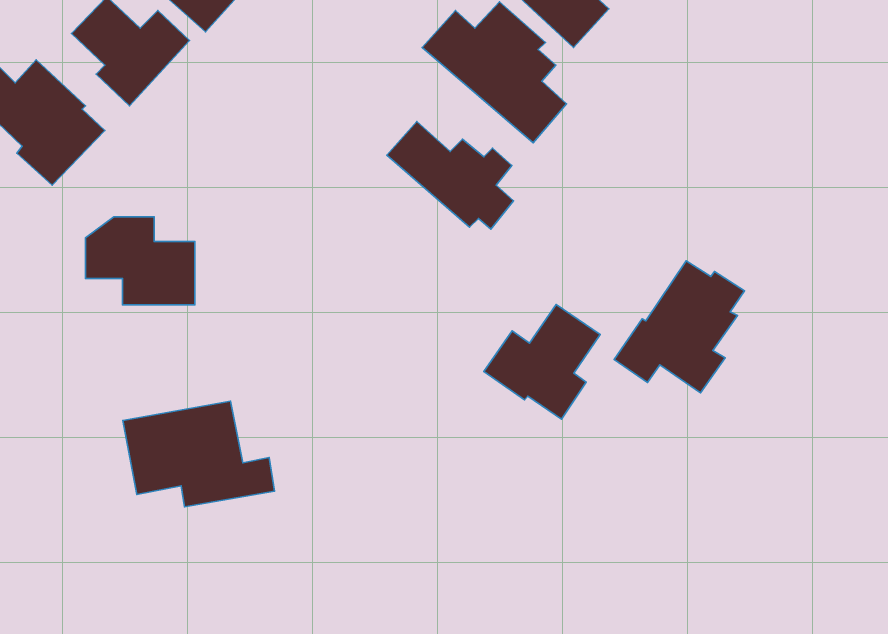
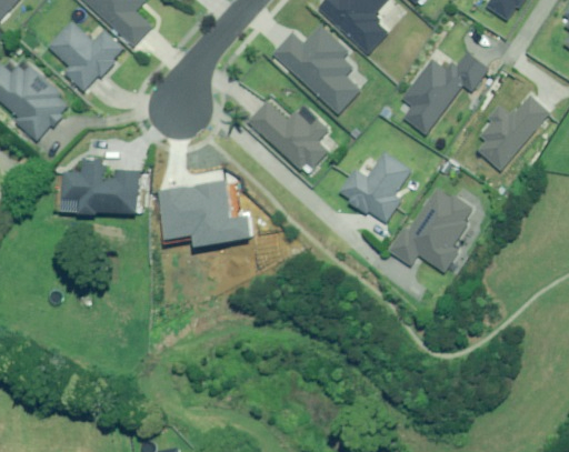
building: none -> [402,52,488,134]
building: none -> [476,94,548,170]
building: [484,305,600,419] -> [338,152,411,224]
building: [123,401,274,507] -> [152,180,248,247]

